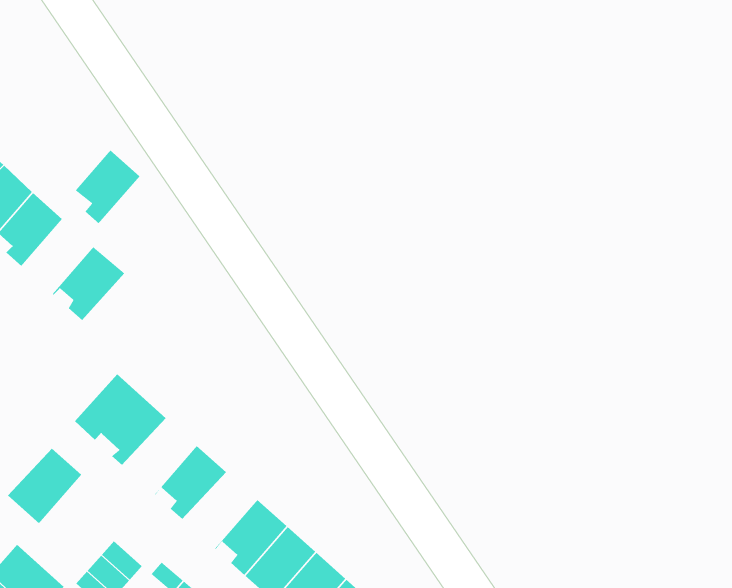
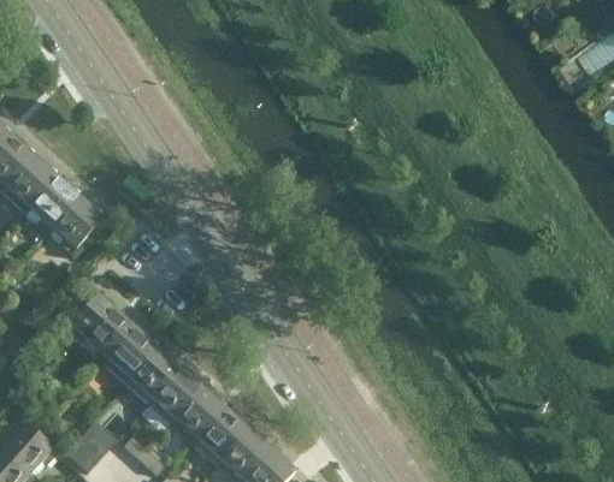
building: [69,149,140,224] -> [25,175,79,232]
building: [7,448,82,524] -> [101,326,158,383]
building: none -> [147,367,203,424]

